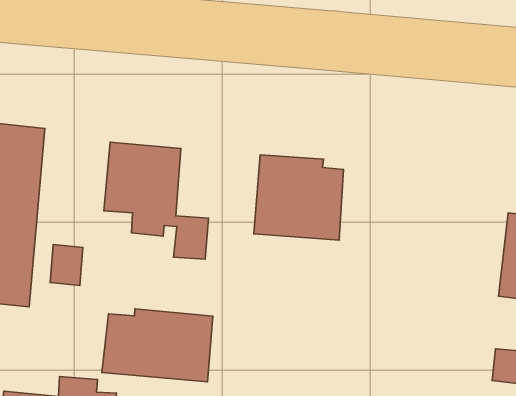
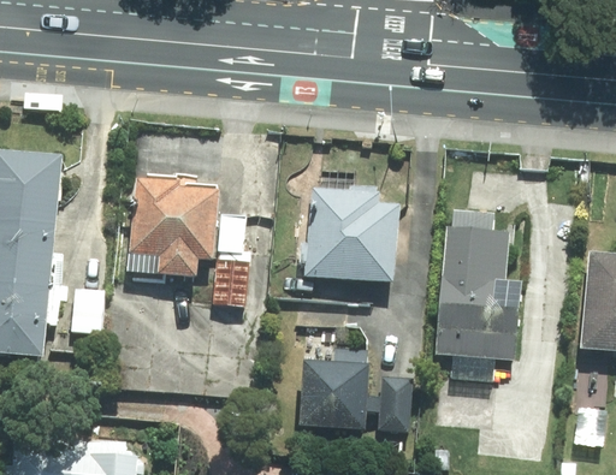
building: none -> [432,208,522,362]
building: none -> [301,360,415,434]
building: [102,309,213,382] -> none

